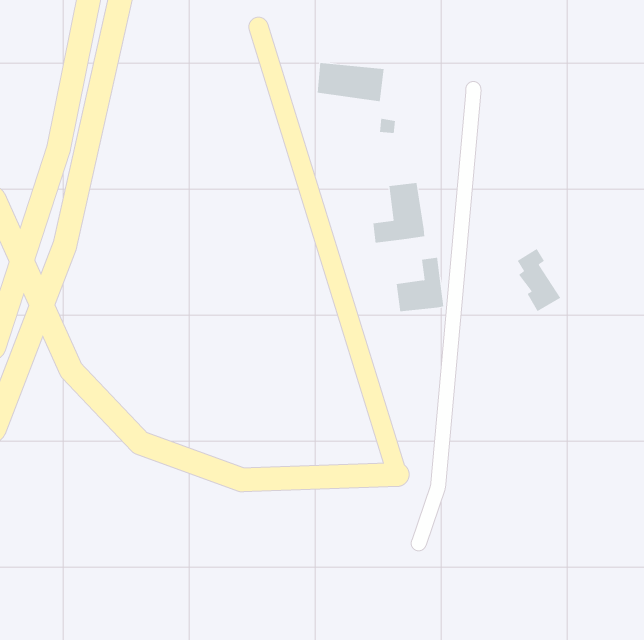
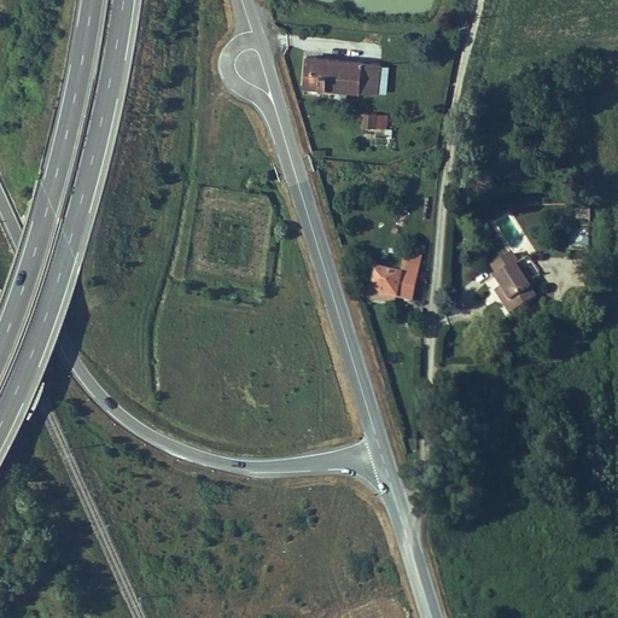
building: none -> [361,65,380,99]
building: [373,182,425,244] -> none

